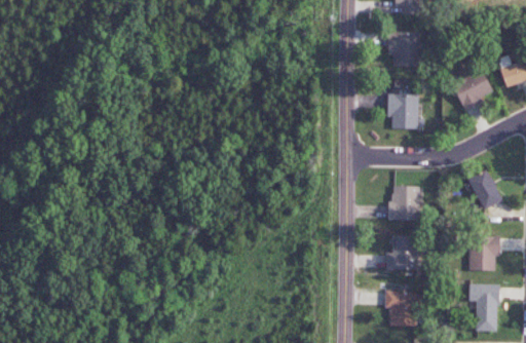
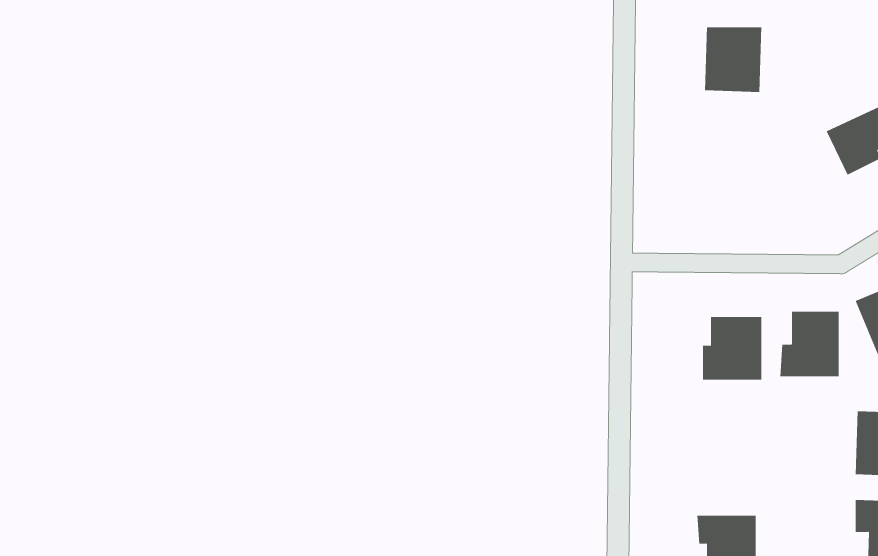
building: [386,93,418,128] -> none
building: [385,235,417,270] -> [780,311,839,377]

